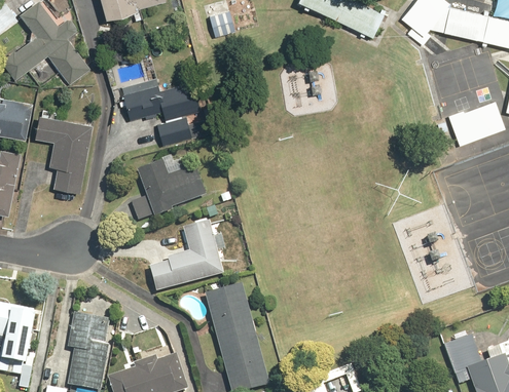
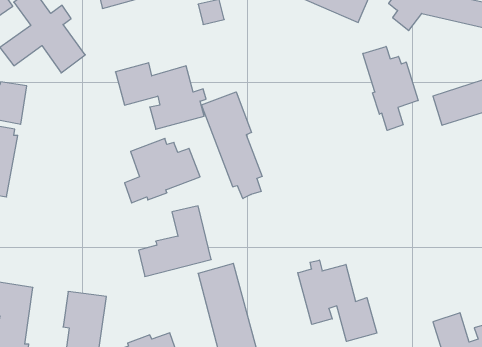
building: none -> [363,46,418,130]
building: none -> [201,92,262,199]
building: [36,114,94,193] -> none
building: none -> [298,260,377,341]

